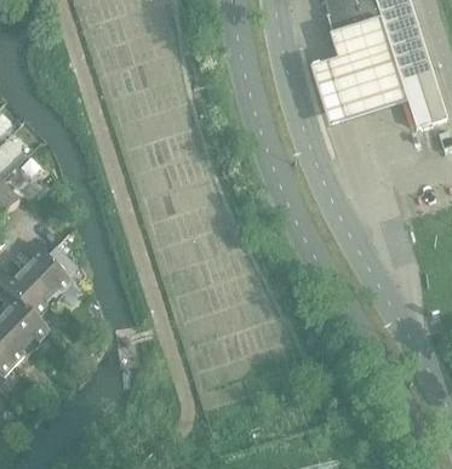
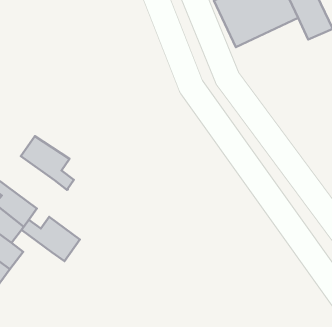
building: none -> [21,136,74,190]
building: none -> [22,217,80,261]

